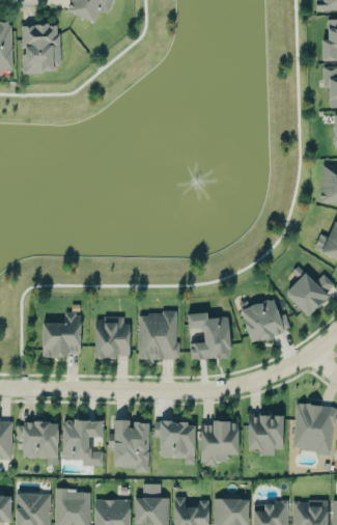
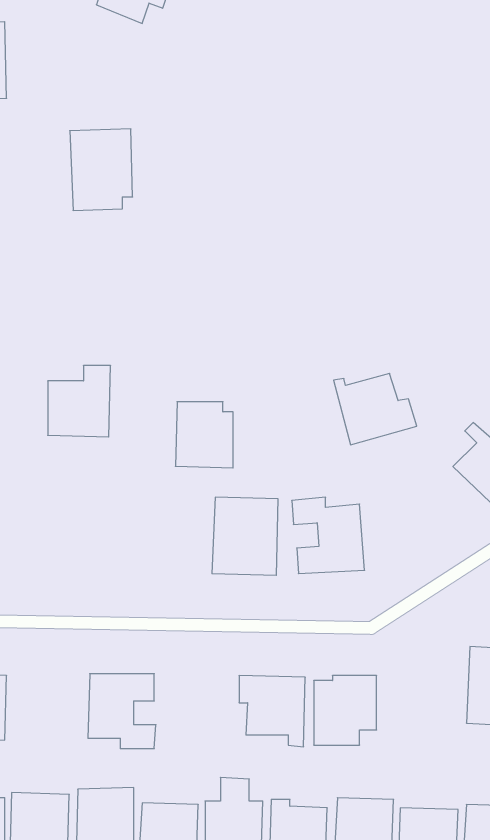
building: [22,24,60,74] -> [70,129,133,210]
building: [240,299,290,342] -> [334,373,417,445]
building: [43,313,81,357] -> [48,366,111,437]
building: [94,317,130,358] -> [175,402,233,468]
building: [248,414,283,455] -> none
building: [108,420,149,470] -> none
building: [17,422,58,458] -> none

